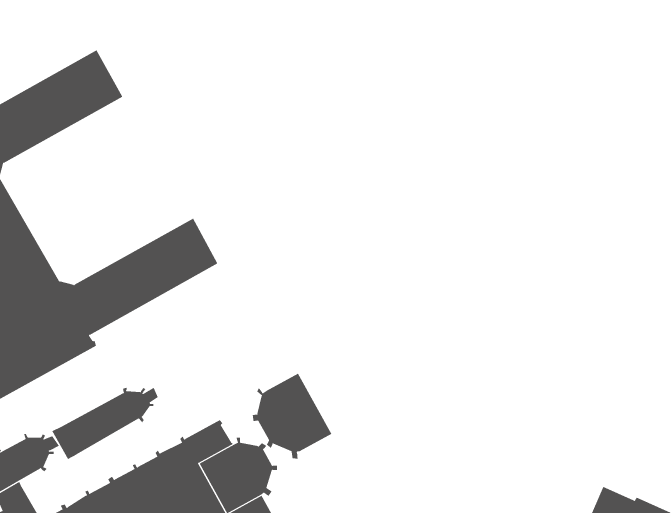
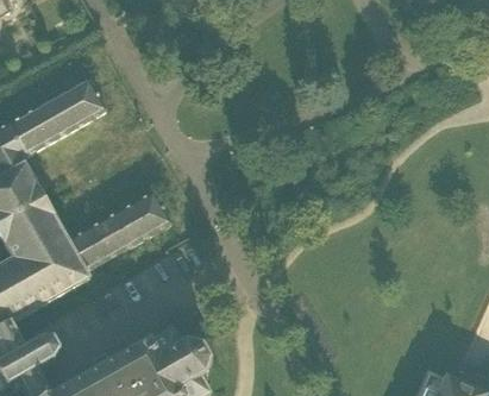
building: [252,373,332,460] -> none
building: [52,387,158,460] -> none

